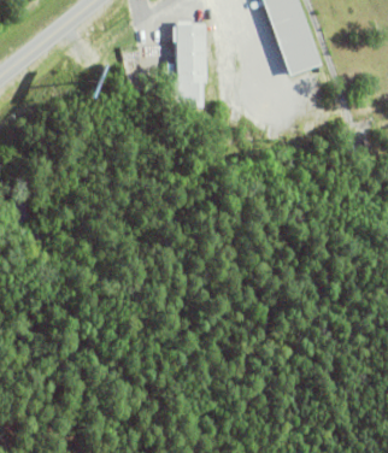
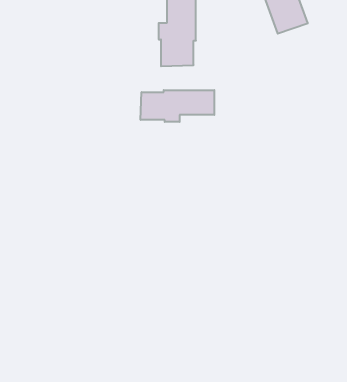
building: none -> [141,90,214,122]

